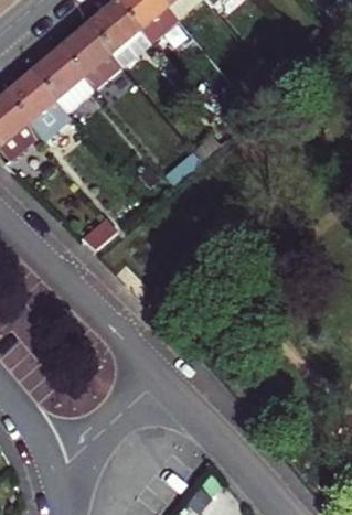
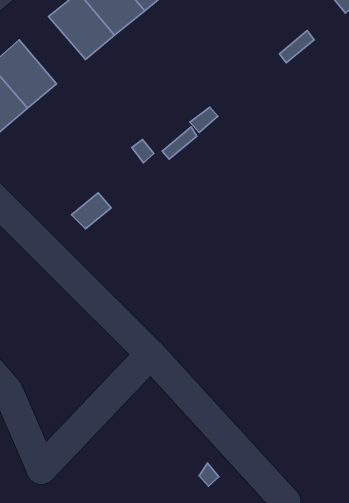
building: [32,45,95,109] -> none

